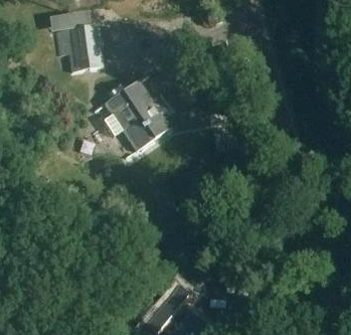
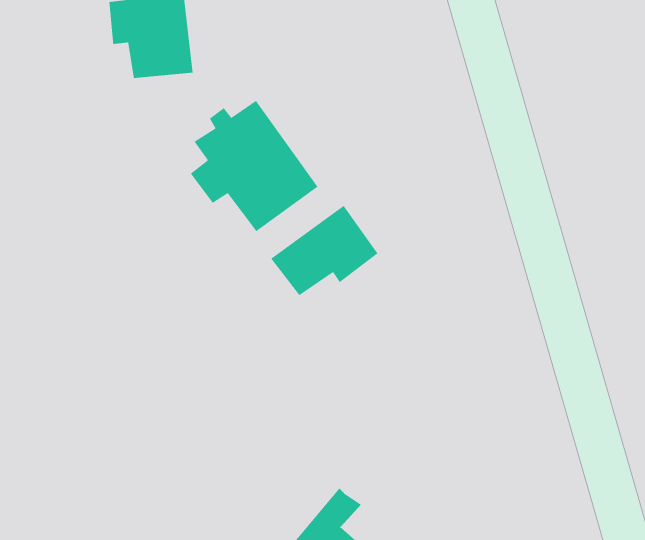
building: none -> [270,205,378,296]

